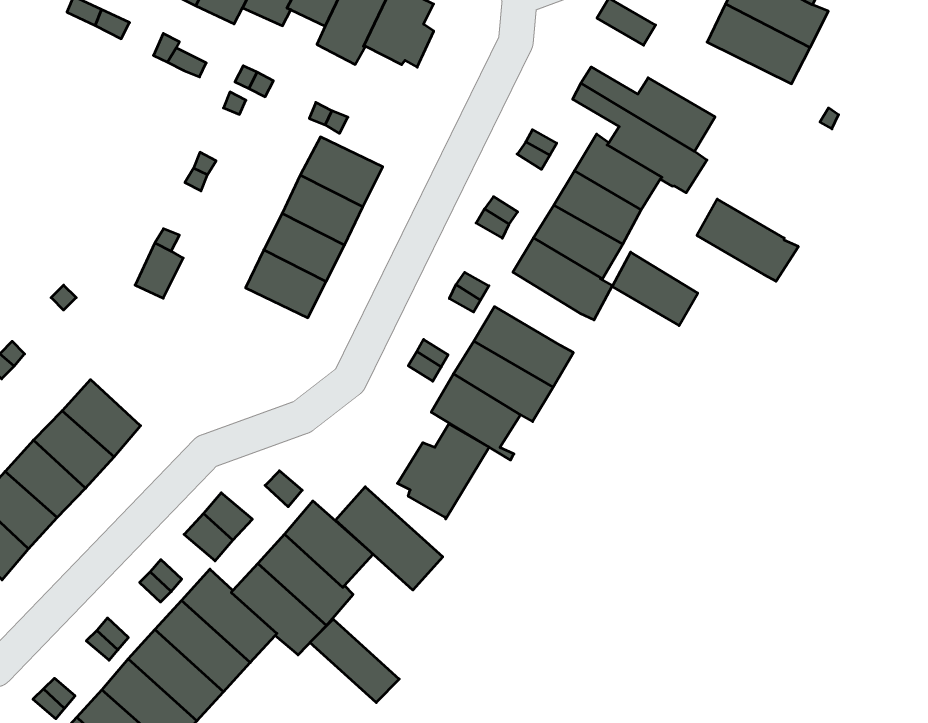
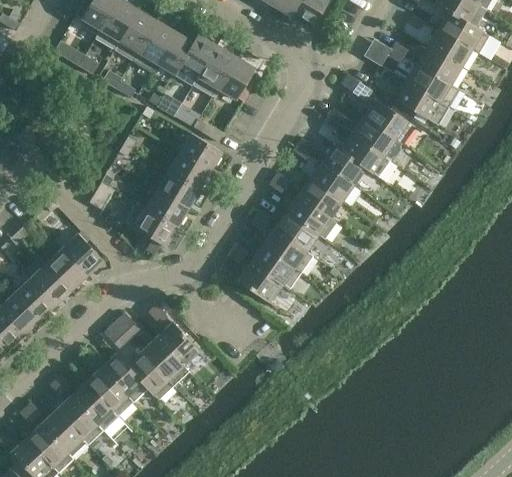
building: [697,199,798,281] -> [363,98,415,143]
building: [612,252,698,326] -> [274,211,318,251]
building: none -> [134,208,177,254]
building: none -> [62,233,103,275]
building: [397,424,489,519] -> none
building: [335,487,443,590] -> none
building: [310,619,399,703] -> none

